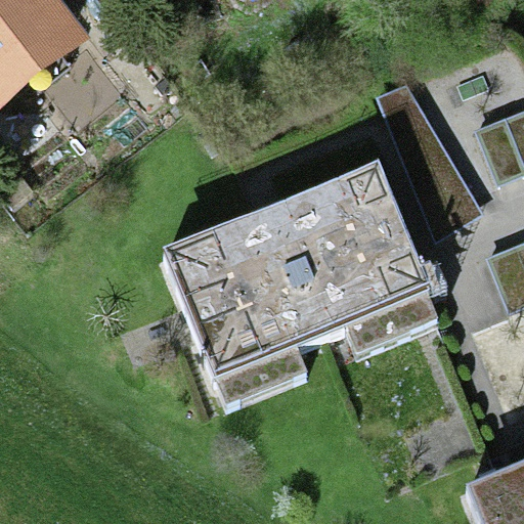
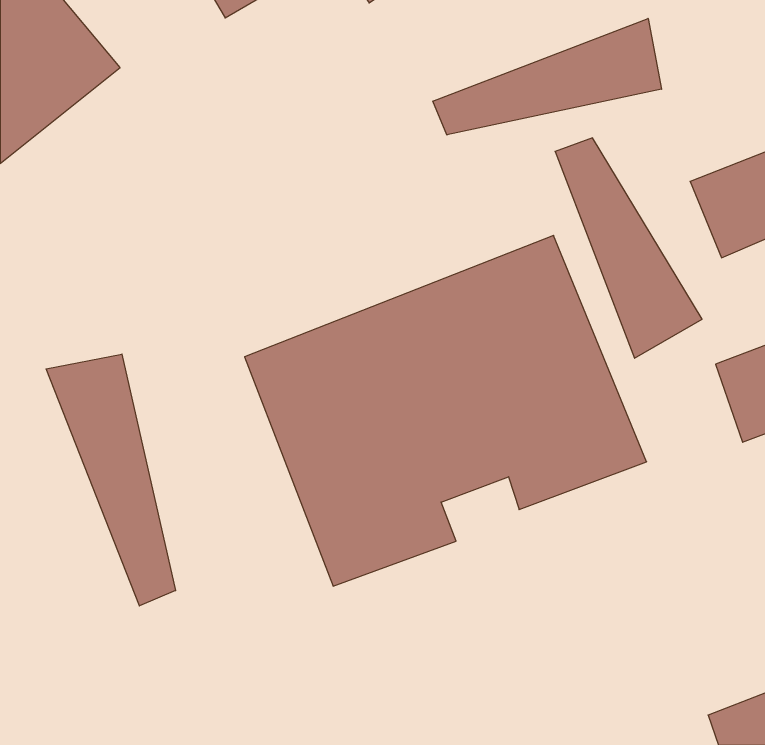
building: none -> [433,18,662,135]
building: none -> [46,354,176,606]

